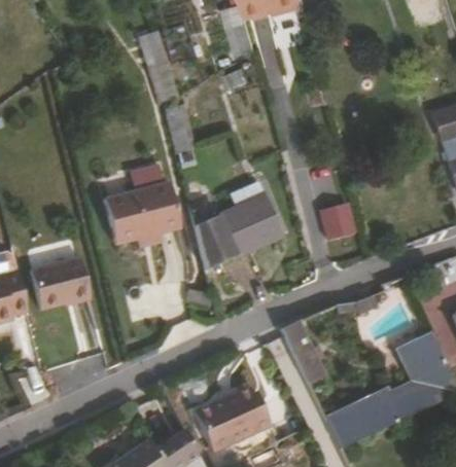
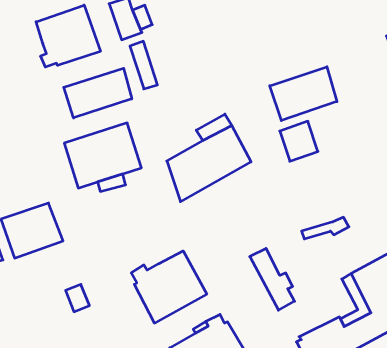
building: none -> [36,5,100,67]
building: none -> [64,68,132,118]
building: none -> [270,67,337,121]
building: none -> [131,251,207,323]

